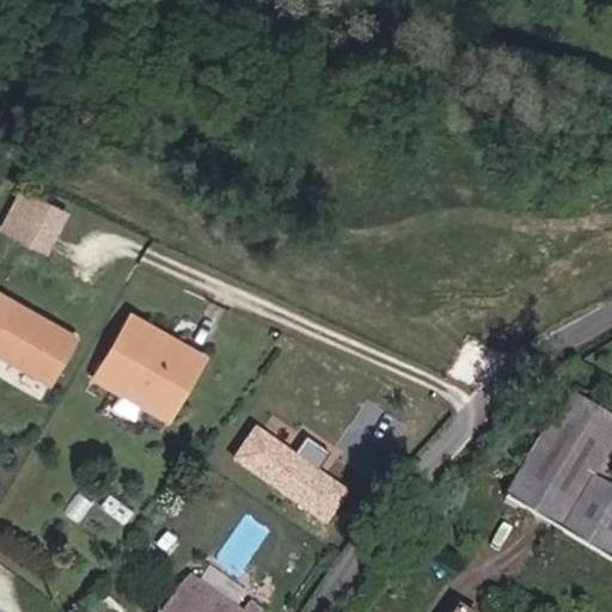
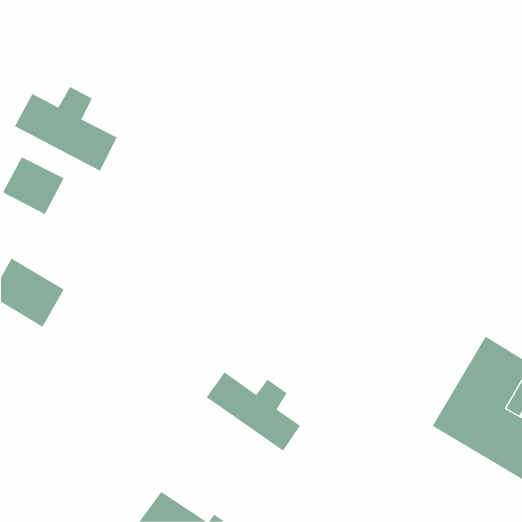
building: none -> [14,86,118,172]
building: [94,313,204,420] -> none

